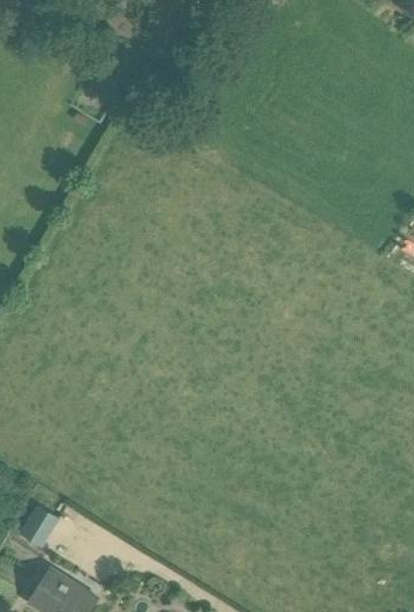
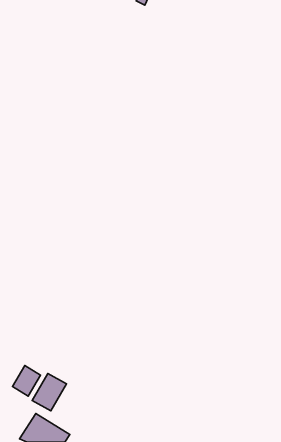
building: none -> [32,374,67,411]

